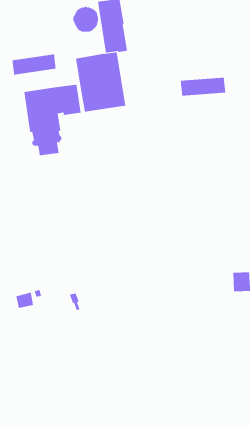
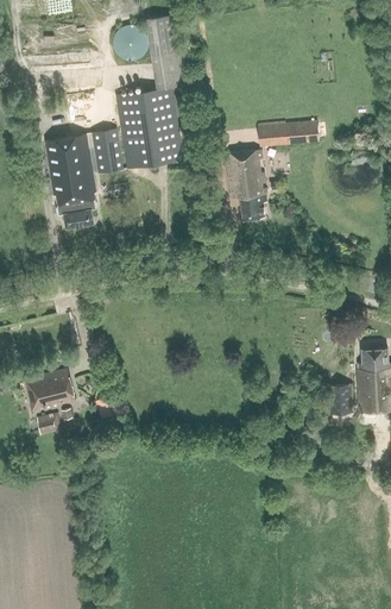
building: [12,54,56,75] -> none
building: none -> [227,150,267,219]
building: none -> [24,368,75,410]

